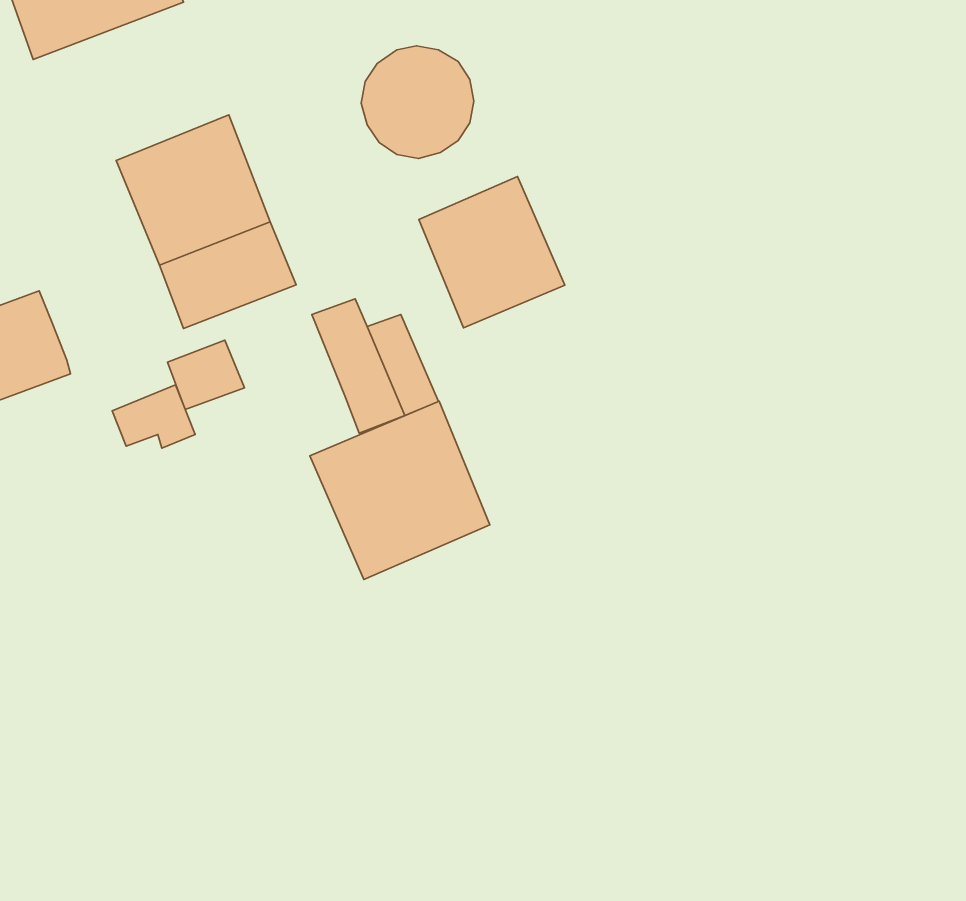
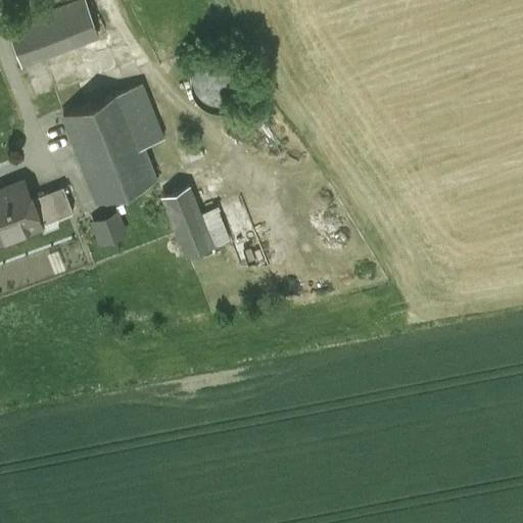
building: none -> [121,88,163,151]
building: [419,177,565,328] -> none
building: [112,385,195,448] -> [30,191,73,224]
building: [310,401,490,579] -> none

